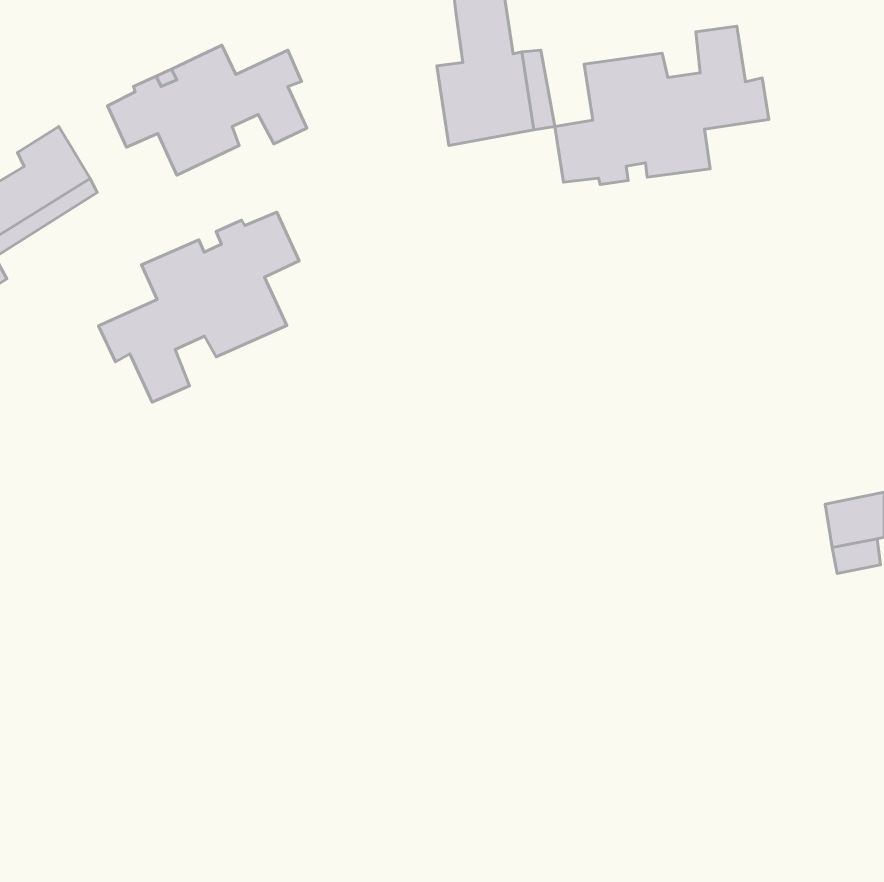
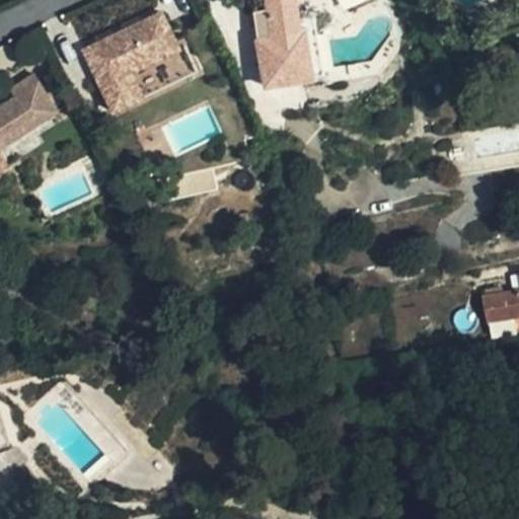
building: [555,26,769,185] -> none
building: [98,212,299,402] -> none

